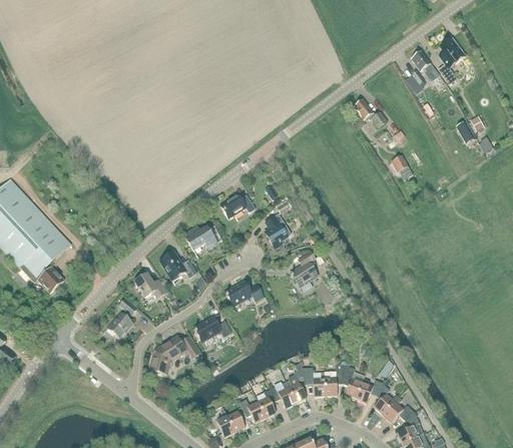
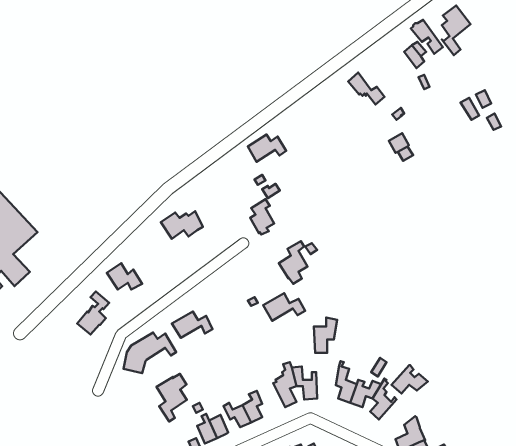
building: [220,193,255,218] -> [248,134,286,162]
building: [160,253,196,280] -> none
building: [224,281,263,306] -> [263,293,305,321]
building: [325,364,346,396] -> [314,318,337,353]
building: none -> [157,374,187,422]
building: [271,382,297,409] -> none
building: [382,397,415,423] -> [391,365,428,394]

